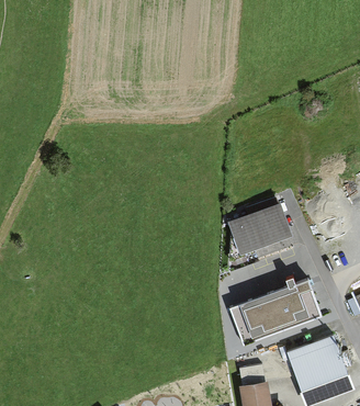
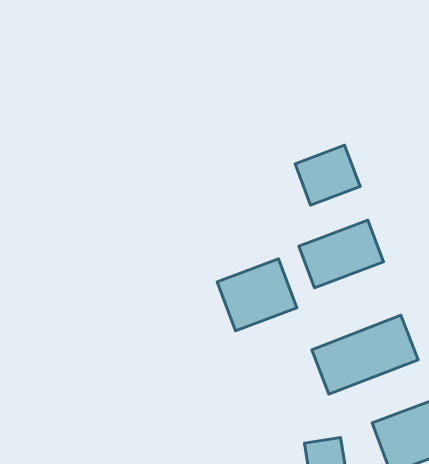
building: none -> [295,145,360,205]
building: none -> [217,259,297,331]

